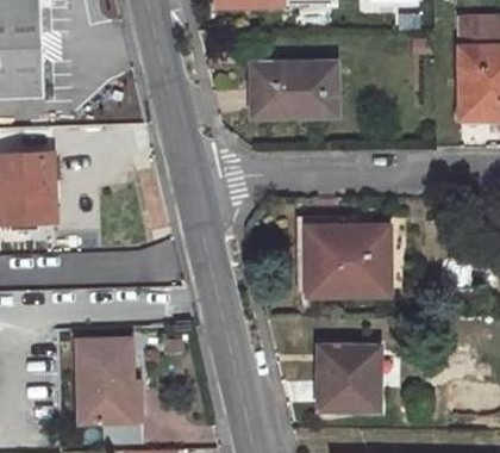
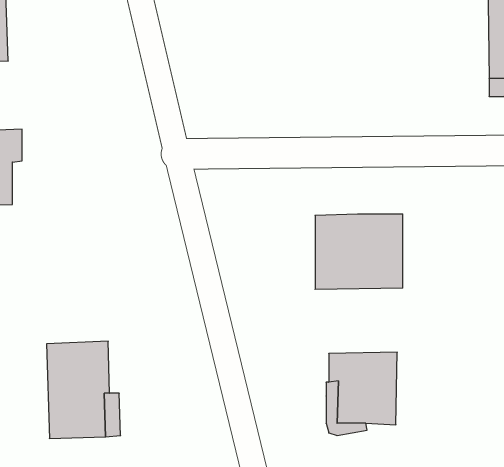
building: [256,62,335,114] -> none

